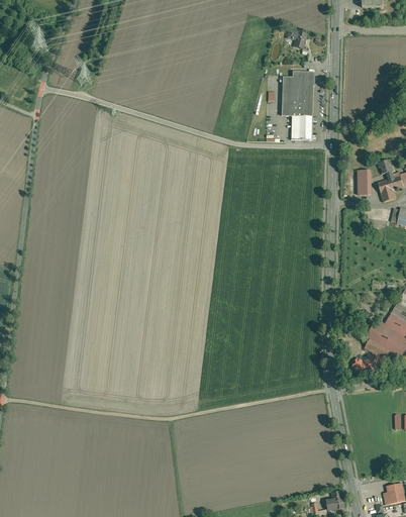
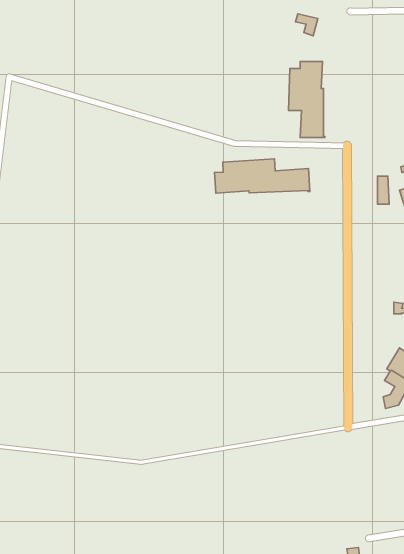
building: none -> [215,159,310,193]

